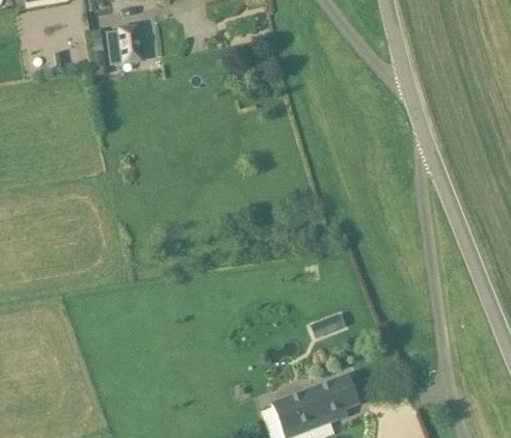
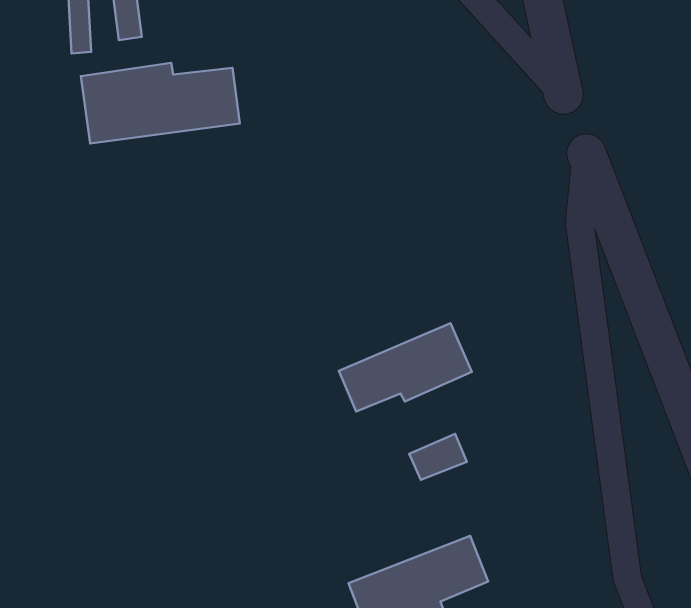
building: none -> [81,63,240,143]
building: none -> [339,323,472,411]

